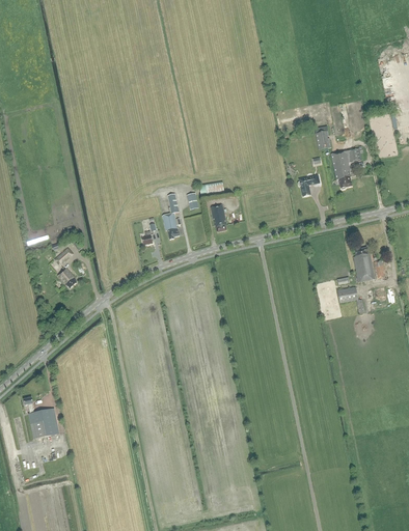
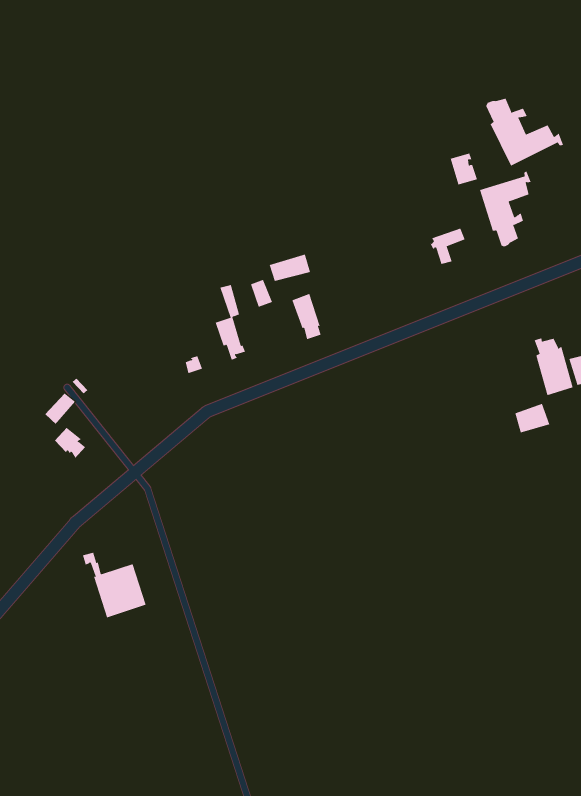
building: none -> [486,98,564,167]
building: [24,397,59,438] -> [82,552,146,618]

